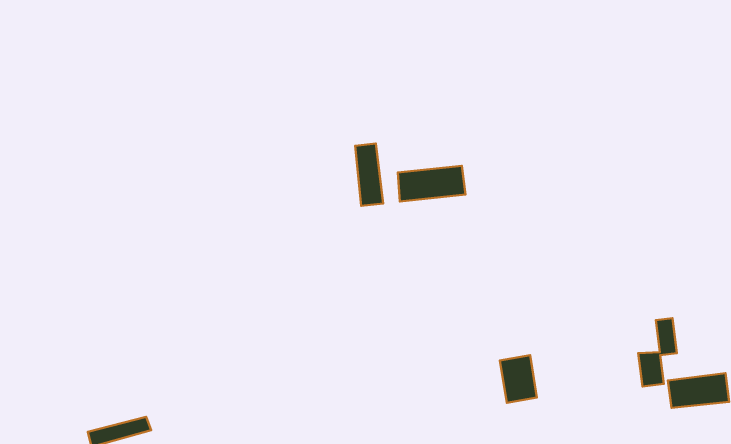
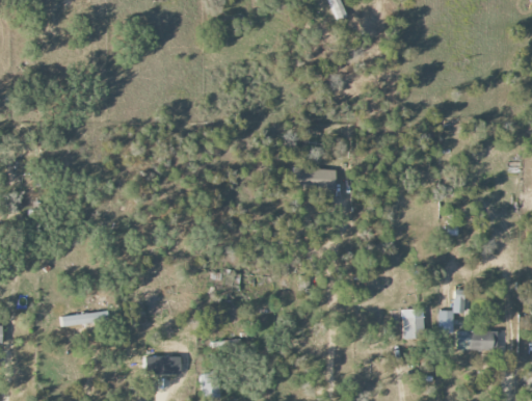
building: [355,144,383,206] -> none
building: [500,355,537,403] -> [402,309,424,339]

